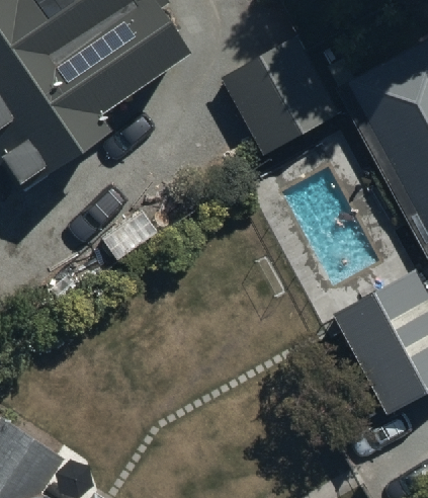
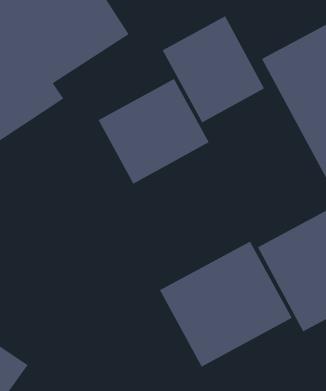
building: none -> [98,78,209,184]
building: none -> [159,241,293,367]

